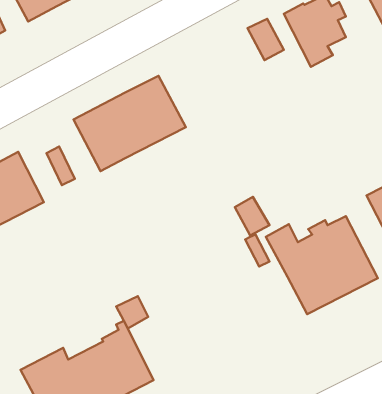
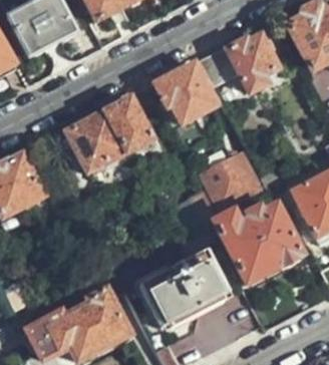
building: none -> [156,61,218,121]
building: none -> [205,151,263,208]
building: none -> [143,248,231,325]

